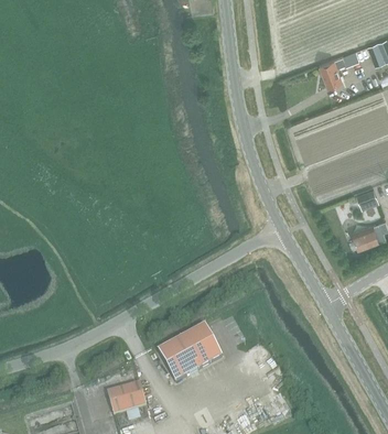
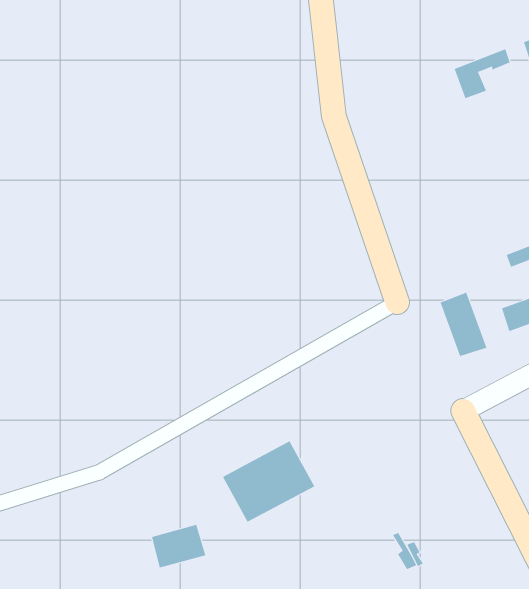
building: none -> [440,292,487,357]

